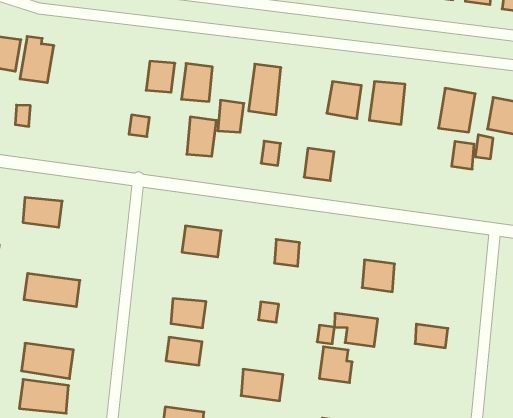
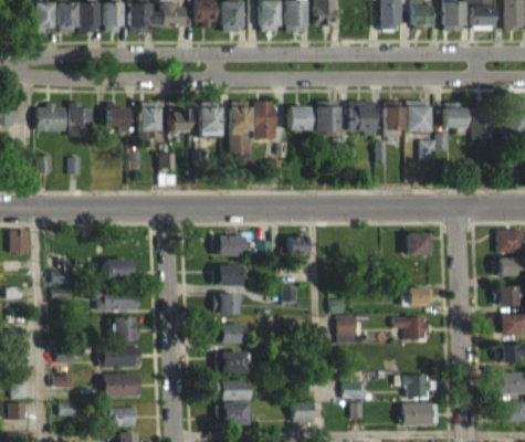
building: none -> [107,103,128,127]
building: none -> [139,103,159,130]
building: none -> [384,106,403,130]
building: [187,117,217,156] -> [229,101,250,130]
building: [304,148,334,181] -> [287,107,308,130]
building: [23,197,62,227] -> [105,259,135,280]
building: [362,260,395,292] -> [407,233,432,255]
building: none -> [213,265,242,286]
building: none -> [111,317,139,340]
building: [335,313,378,347] -> [393,317,428,339]
building: [241,369,283,401] -> [214,351,246,372]

